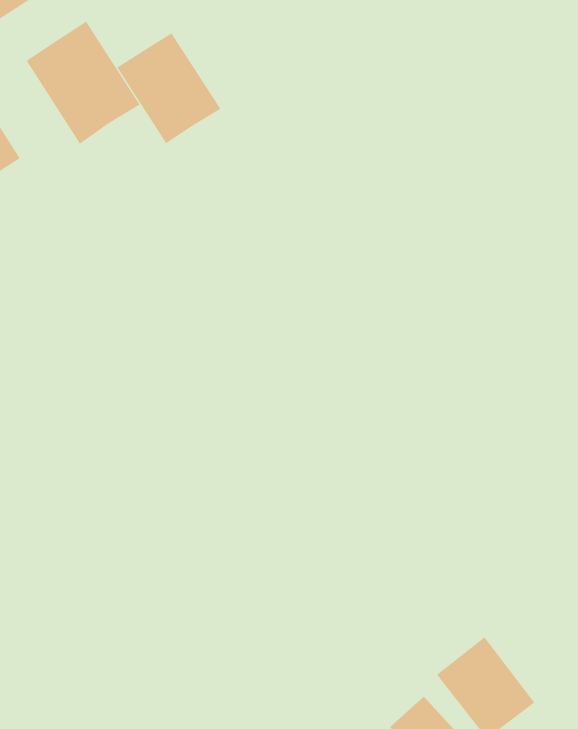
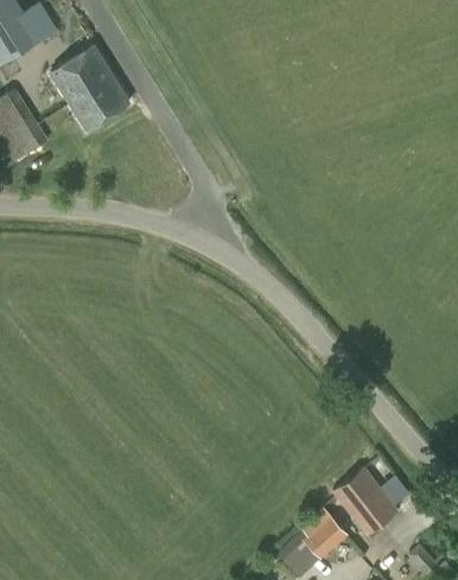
building: [117,32,221,144] -> none

